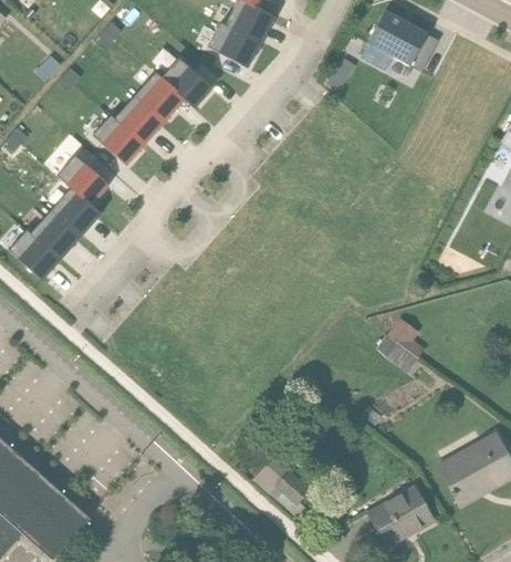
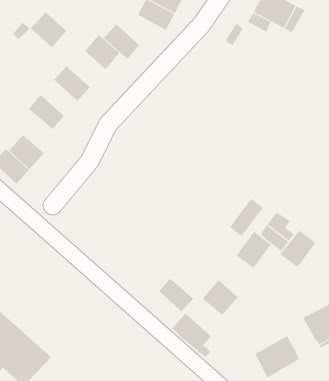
building: [114,96,165,146] -> [30,12,67,48]
building: [51,188,102,237] -> none
building: none -> [229,198,264,237]
building: none -> [280,230,316,268]
building: none -> [236,231,272,269]
building: none -> [158,278,194,312]
building: none -> [203,280,239,316]

